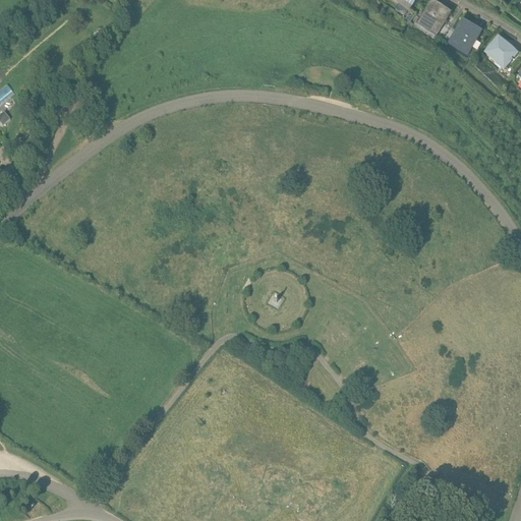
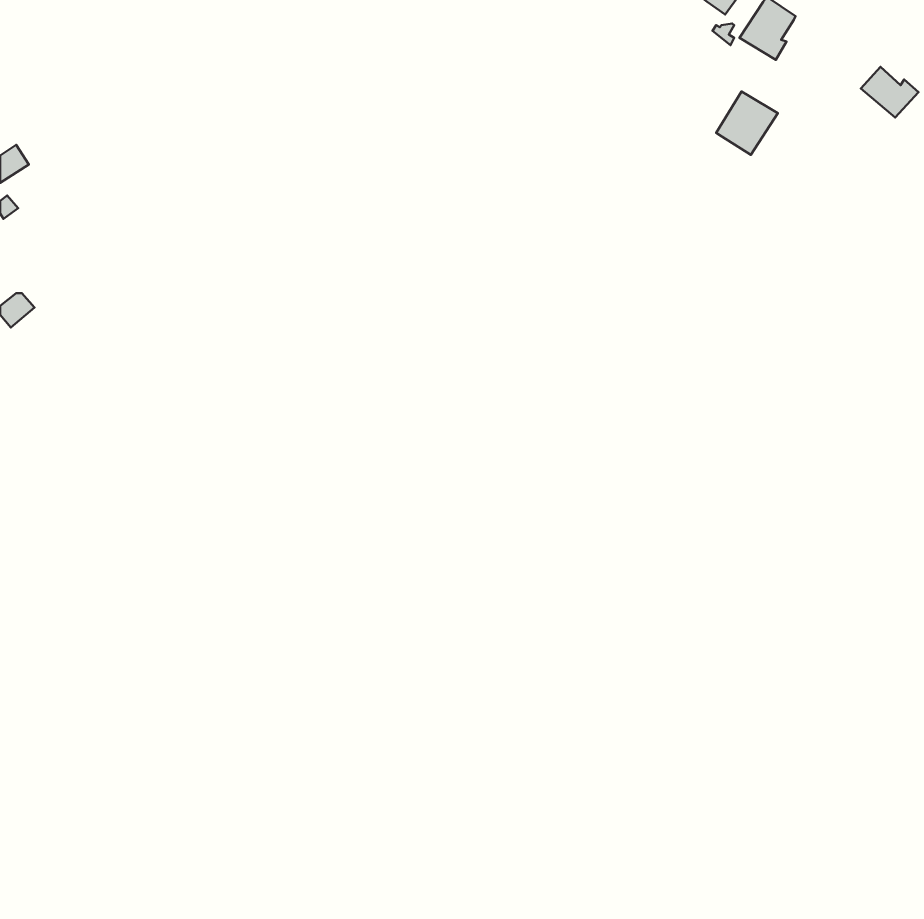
building: [447,17,481,53] -> [716,91,778,155]

